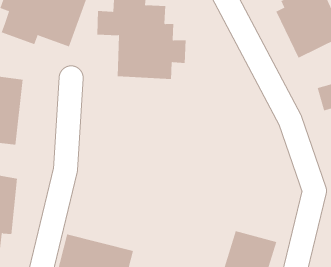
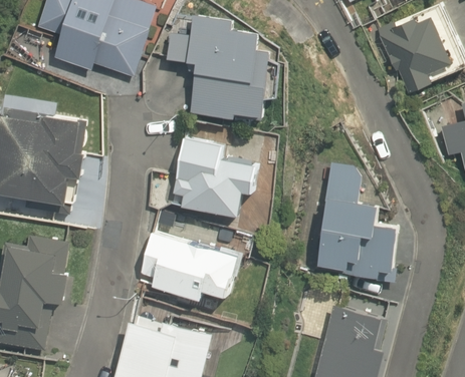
building: none -> [173,135,259,216]
building: none -> [319,162,398,278]
building: none -> [139,228,244,302]

